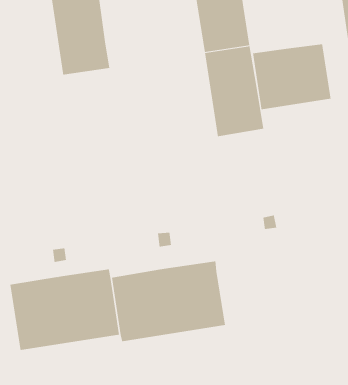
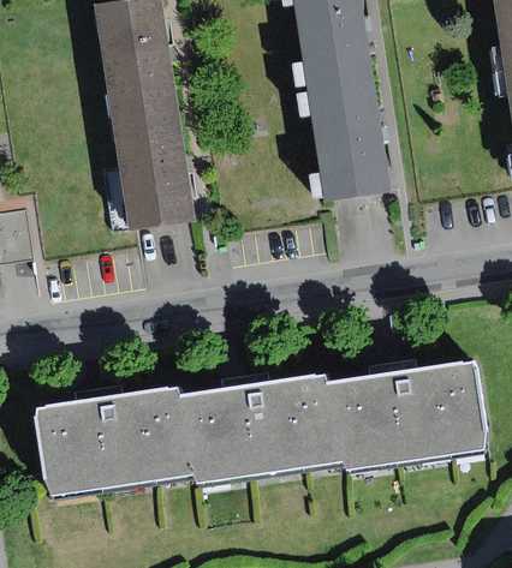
building: [253,43,331,110] -> none
building: none -> [112,107,195,228]
building: none -> [326,364,487,472]

